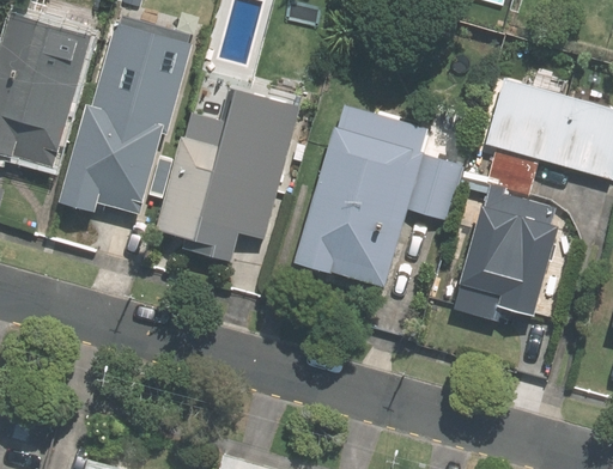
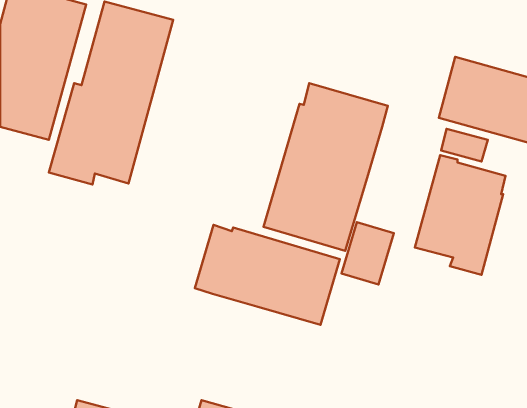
building: [151,89,298,264] -> none
building: [405,154,462,223] -> [342,222,394,284]
building: none -> [195,225,340,325]

